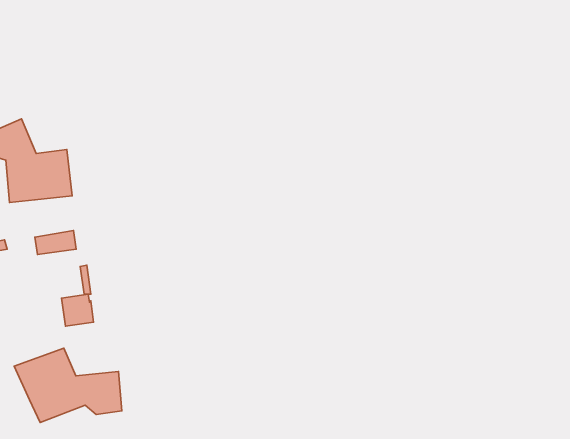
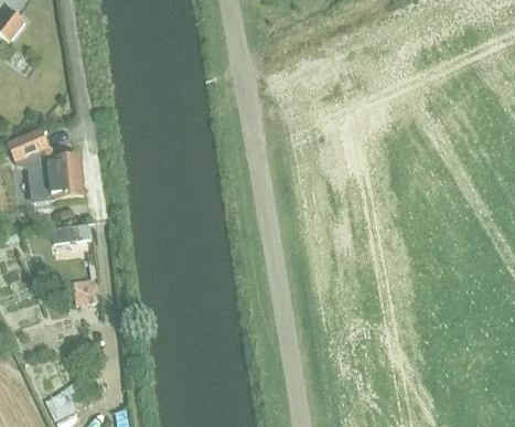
building: [14,348,122,423] -> none

